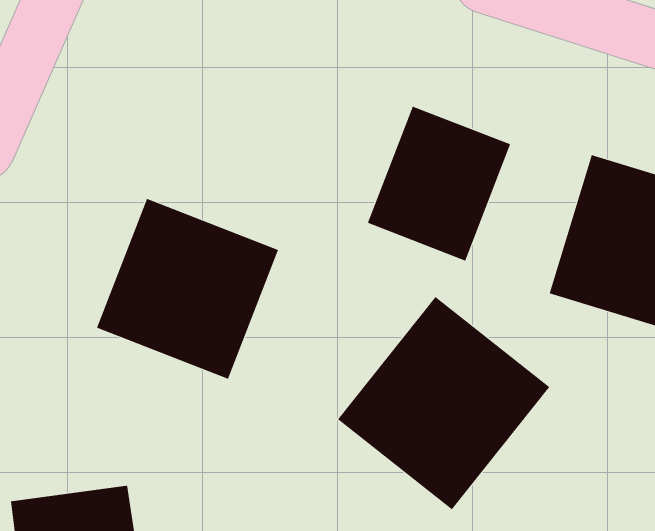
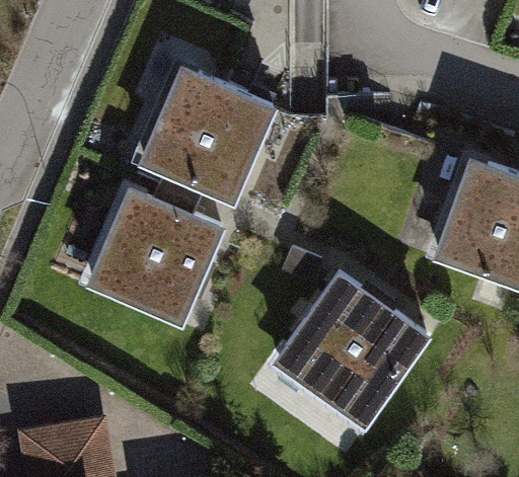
building: none -> [133,66,275,208]
building: [367,106,511,261] -> none

